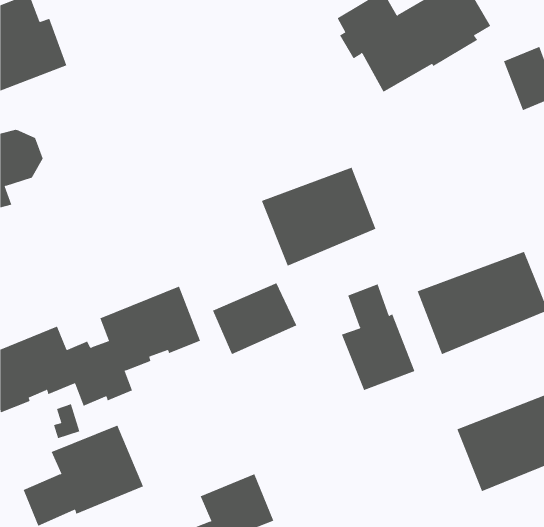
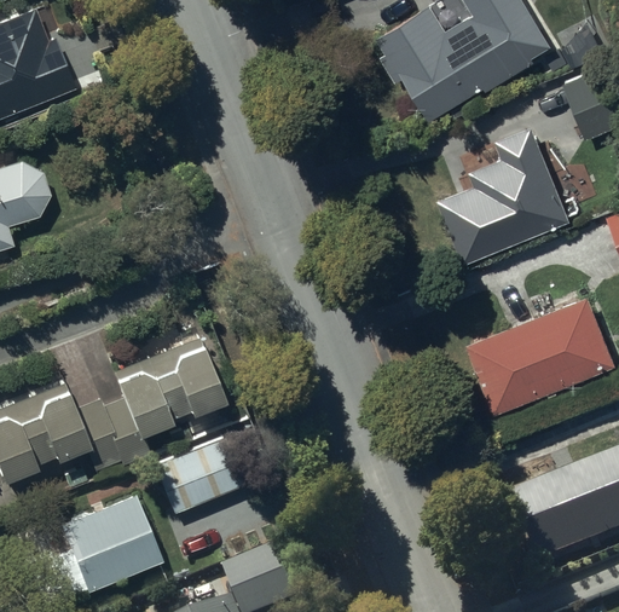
building: none -> [439,126,580,265]
building: [261,167,376,267] -> none
building: [212,282,297,355] -> [152,434,248,515]
building: [341,283,415,391] -> none

